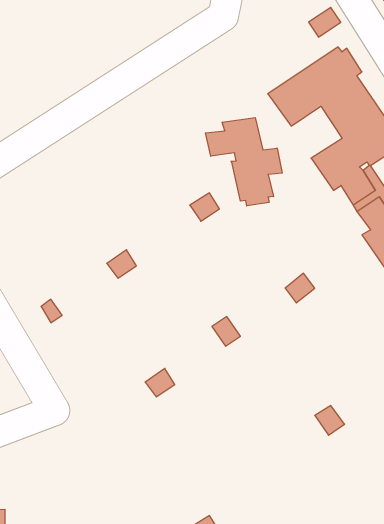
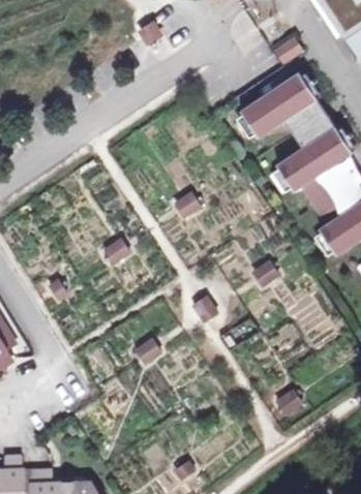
building: [205,118,282,206] -> none

